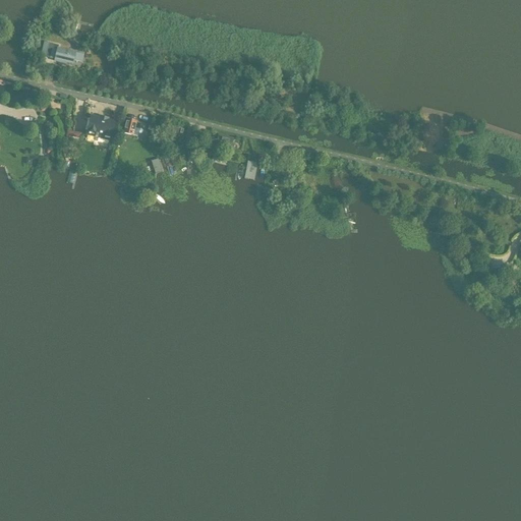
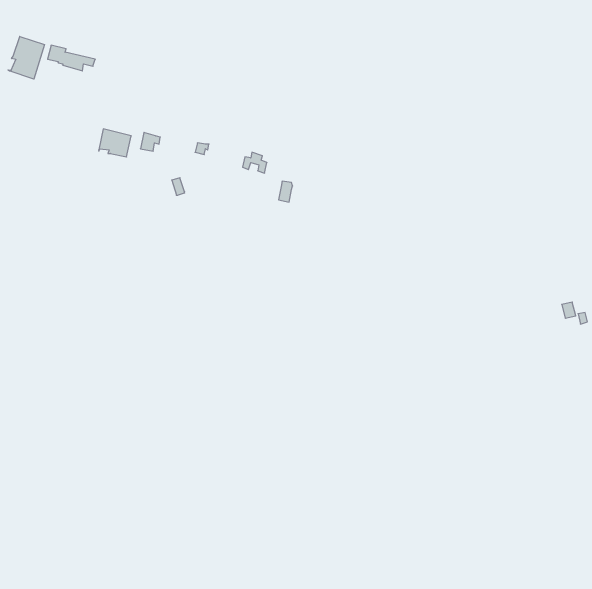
building: none -> [8,36,44,79]

